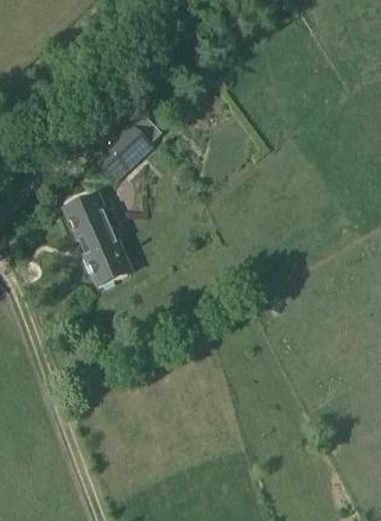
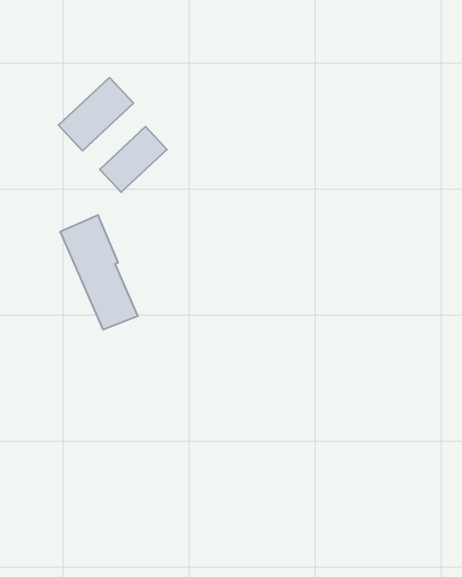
building: none -> [58,78,133,151]

